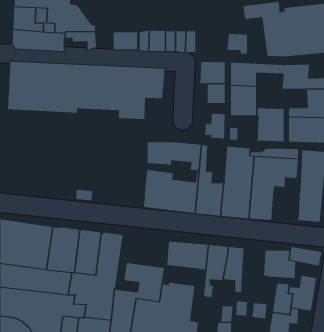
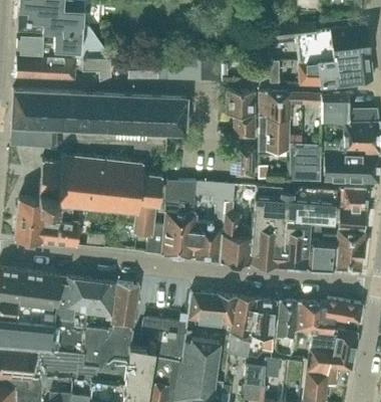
building: none -> [15,154,164,254]
building: none -> [307,234,338,269]
building: none -> [277,300,299,357]

